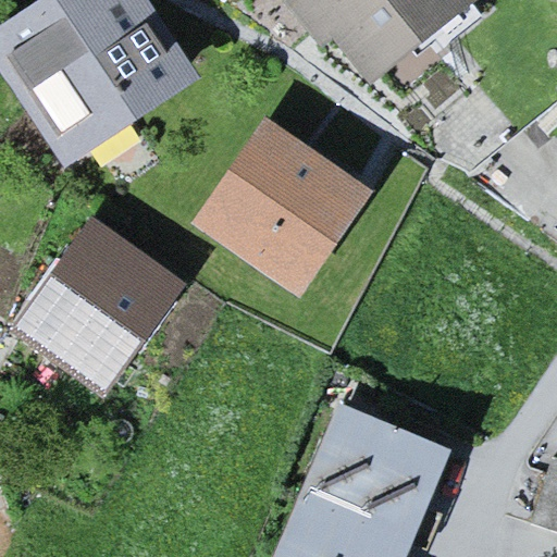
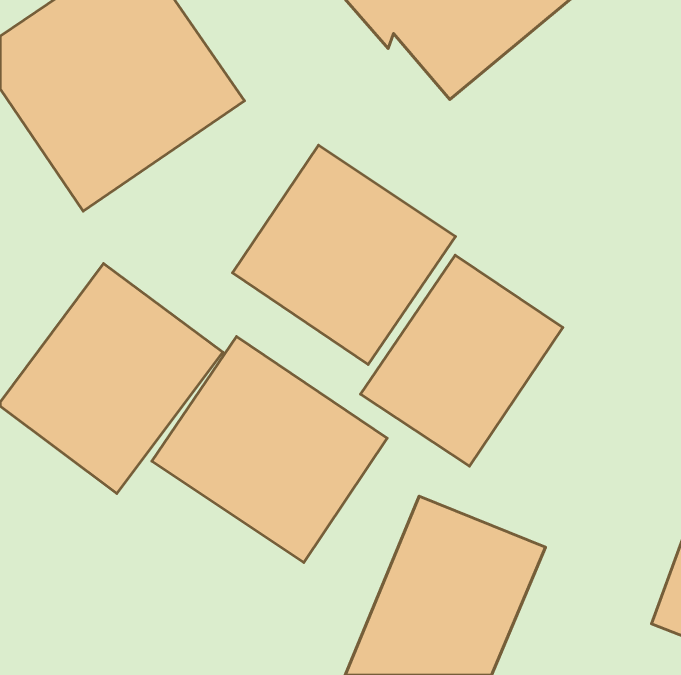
building: none -> [361,255,563,466]
building: none -> [152,337,387,562]

